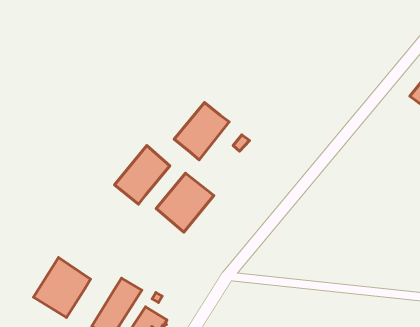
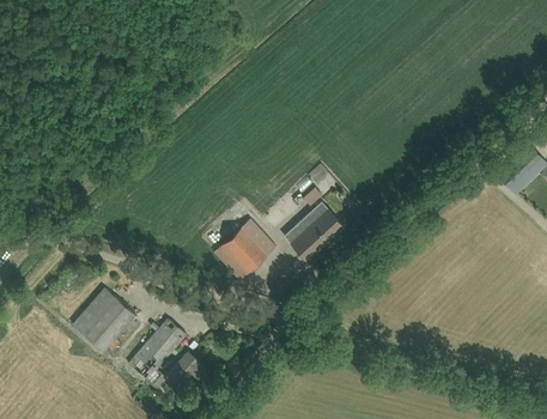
building: [174,103,229,160] -> [284,202,344,261]
building: [114,145,170,204] -> none

